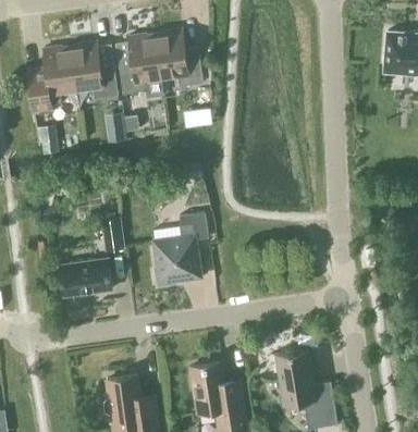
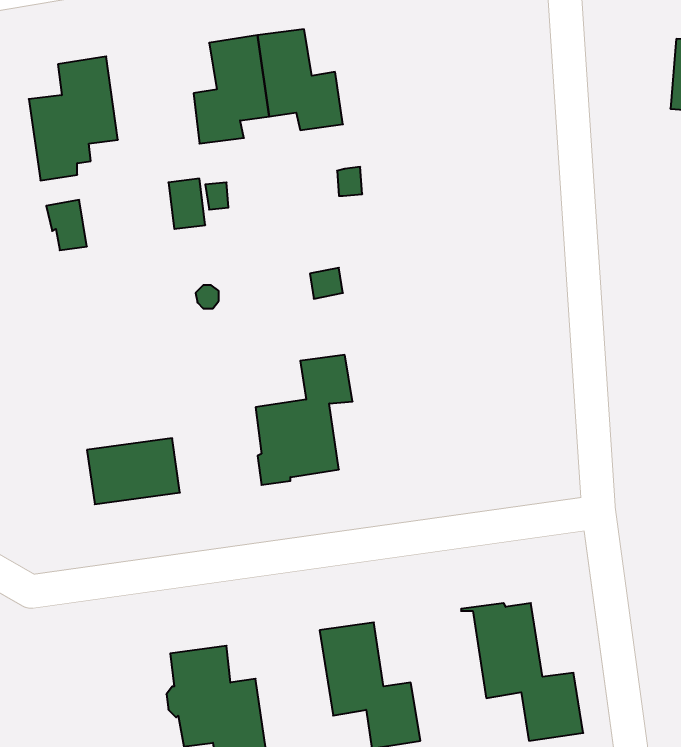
building: [70,40,118,98] -> none
building: [101,215,125,250] -> none

